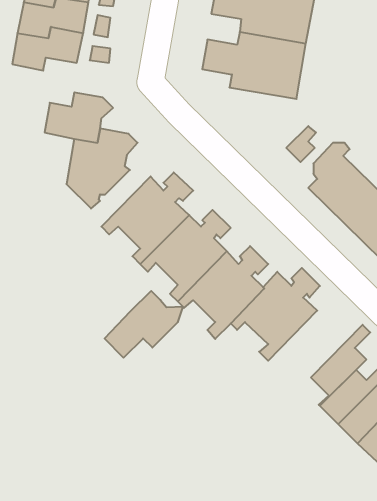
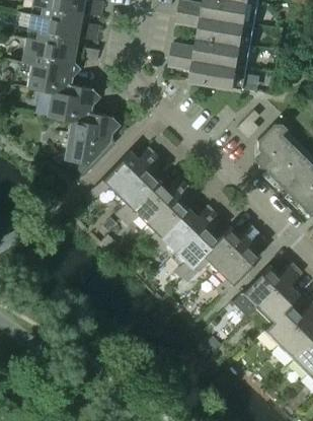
building: none -> [27,57,81,95]
building: [105,291,183,358] -> none
building: none -> [241,261,297,308]

